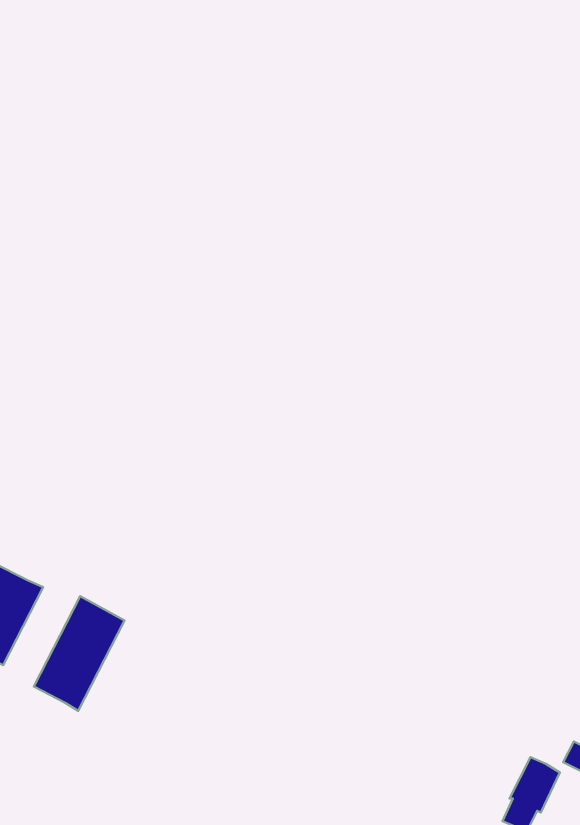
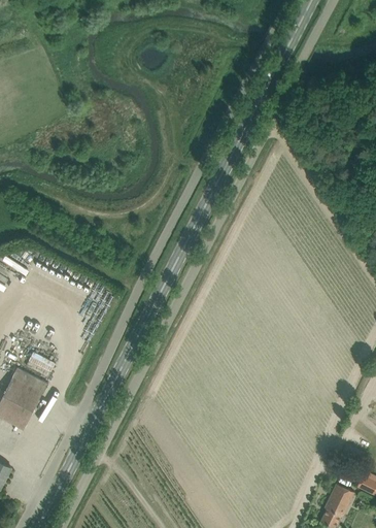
building: [34,596,124,711] -> none

